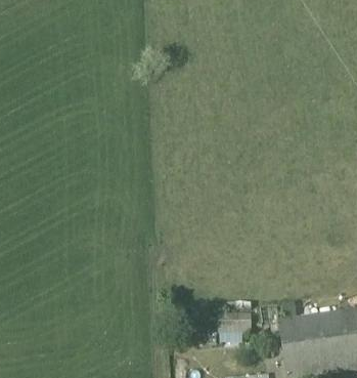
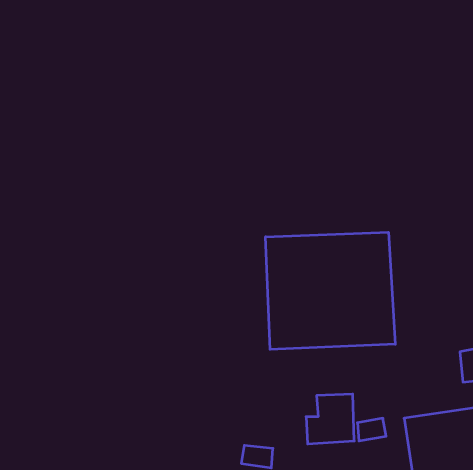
building: none -> [266,232,395,349]

